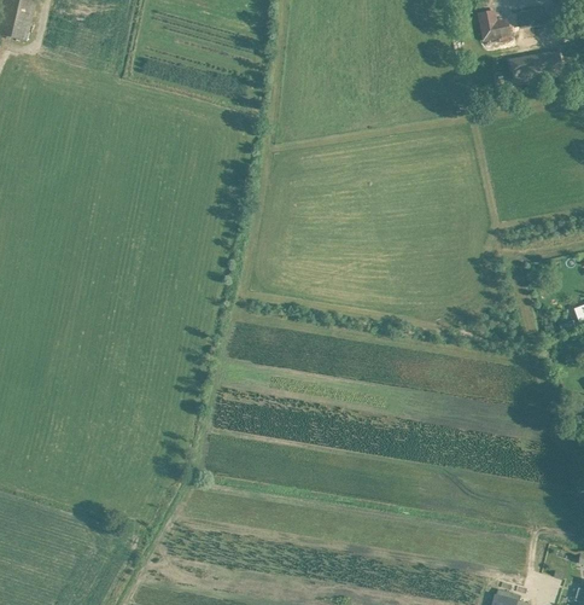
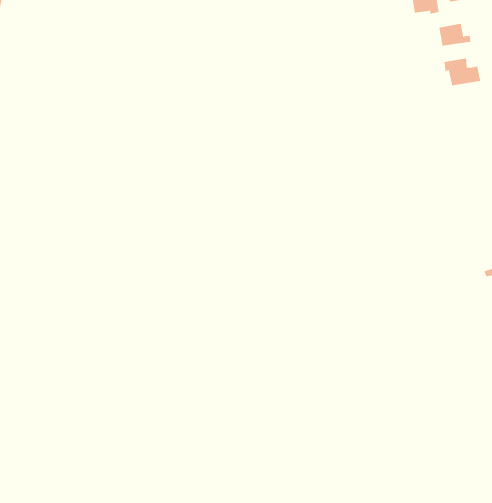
building: none -> [444,58,481,86]

